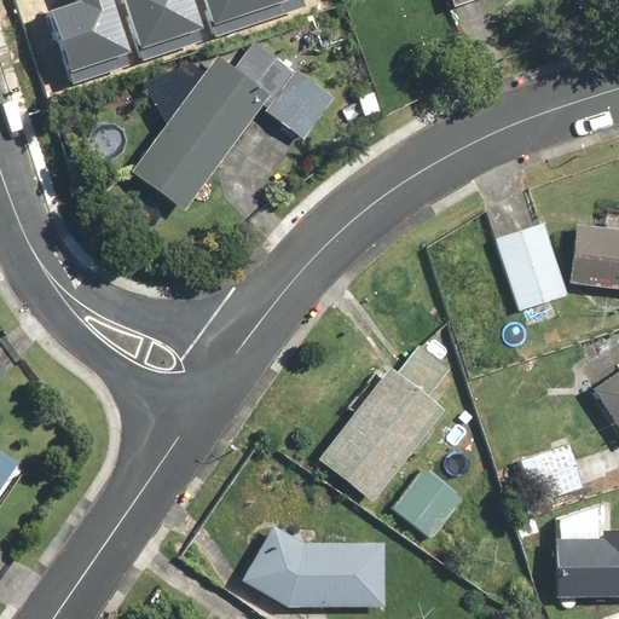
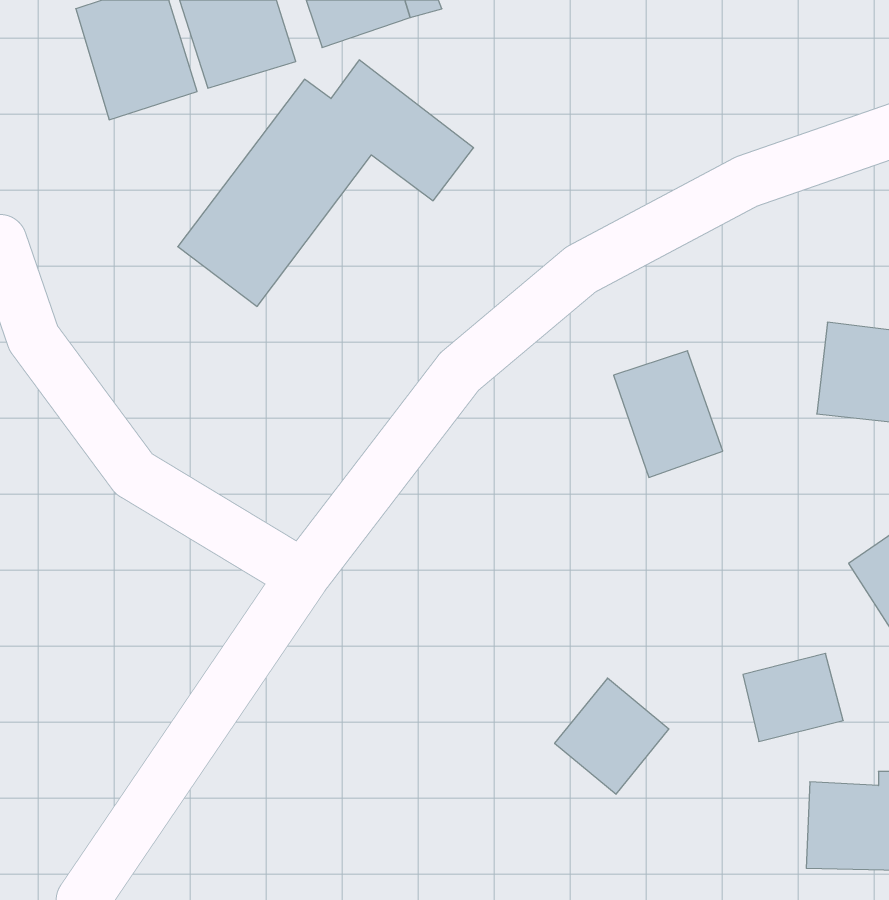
building: [492,222,567,310] -> [614,351,723,477]
building: [312,341,451,502] -> none
building: [238,522,383,604] -> none

